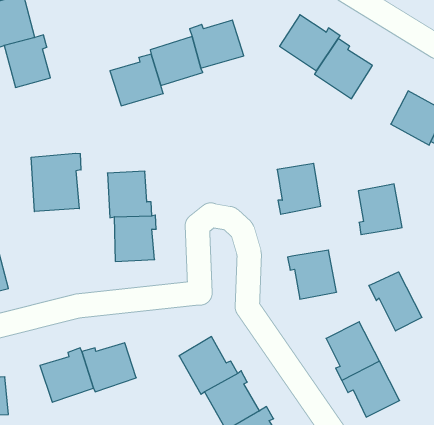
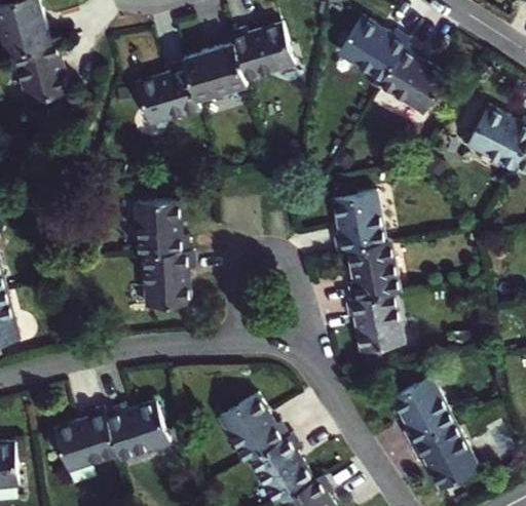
building: [31,153,81,212] -> none
building: [358,184,402,235] -> [348,241,400,301]
building: [369,272,422,331] -> none

